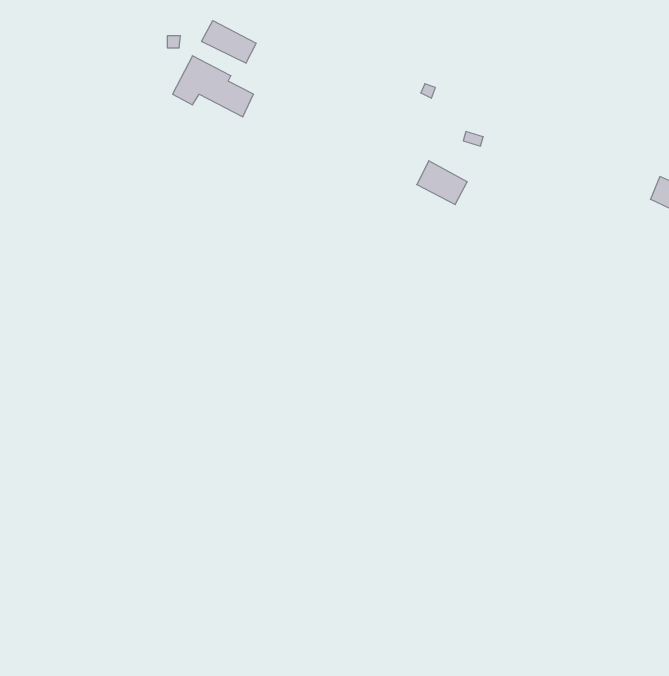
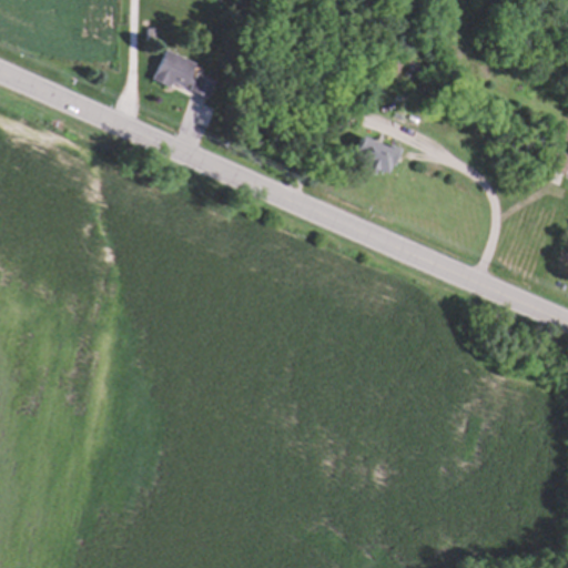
building: [202,21,256,63] -> none

